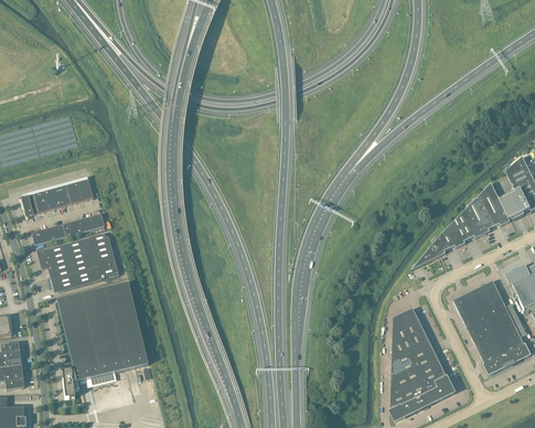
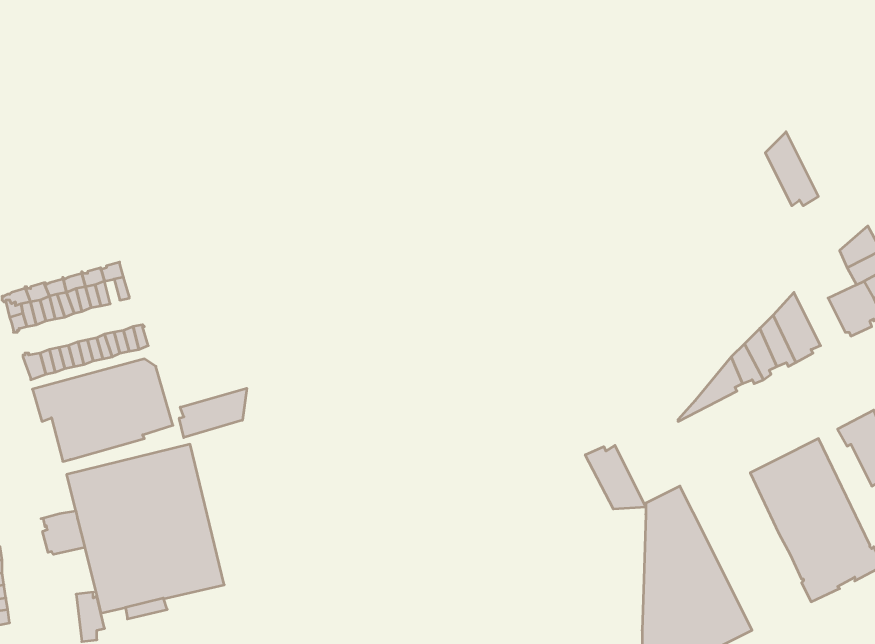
building: [479,182,510,225] -> [765,132,818,206]
building: none -> [179,388,247,438]
building: none -> [585,445,646,509]
building: none -> [41,511,85,554]

